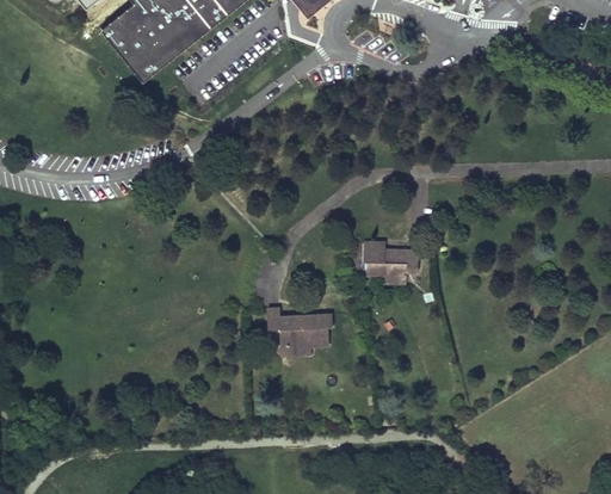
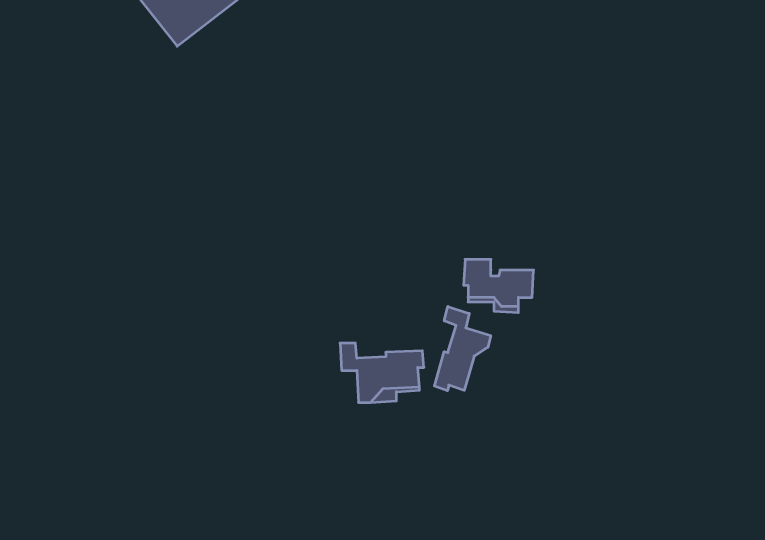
building: none -> [434,306,491,391]

